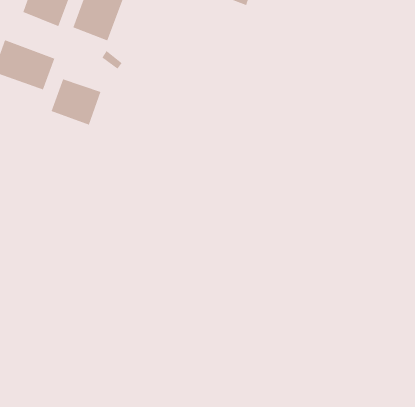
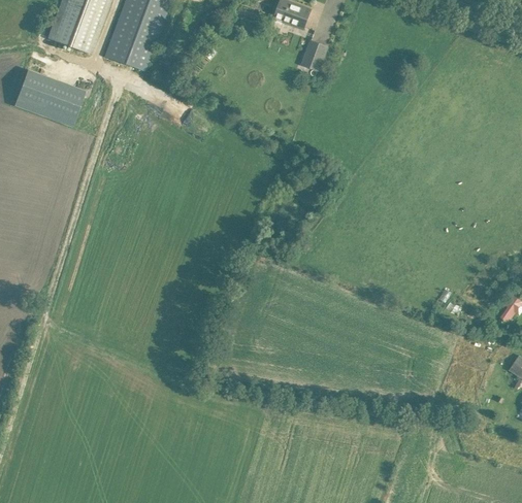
building: none -> [302,39,326,69]
building: [51,78,101,125] -> none

